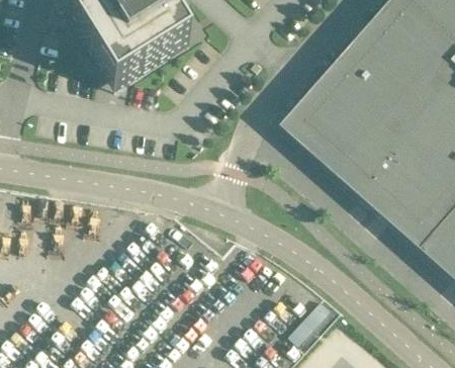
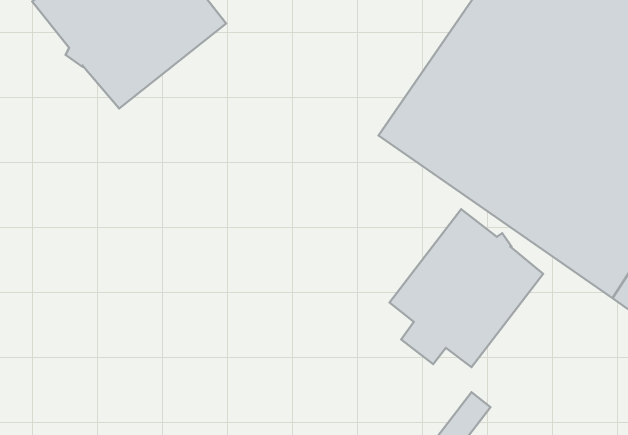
building: none -> [389,209,543,367]

